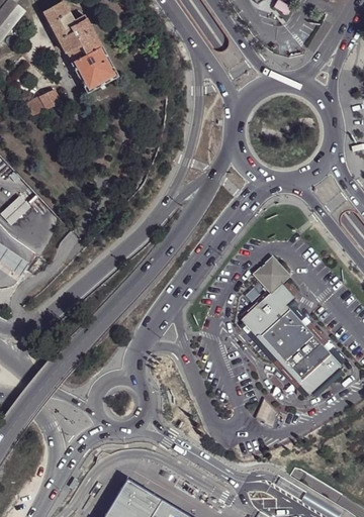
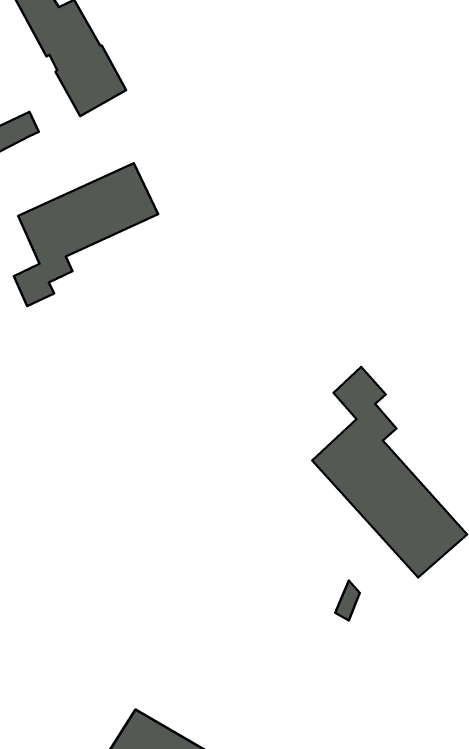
building: none -> [14,163,158,306]

